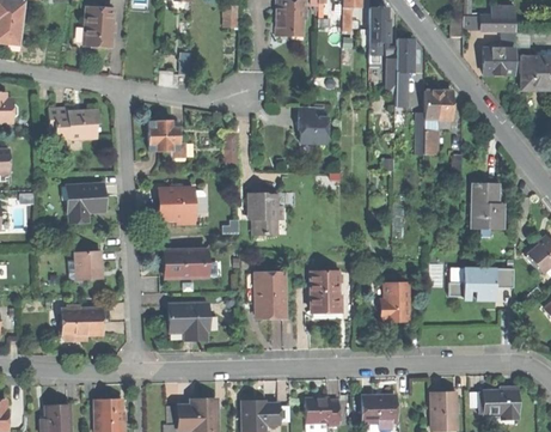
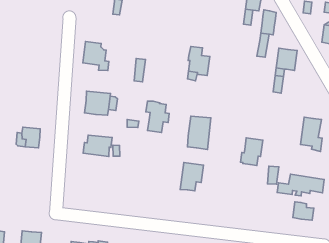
building: [47,105,98,138] -> none
building: [65,183,103,221] -> none
building: [256,270,286,316] -> [188,116,211,149]
building: [381,284,409,321] -> [241,138,263,165]
building: [169,302,208,339] -> none
building: none -> [293,202,314,220]
building: [62,309,98,335] -> none

